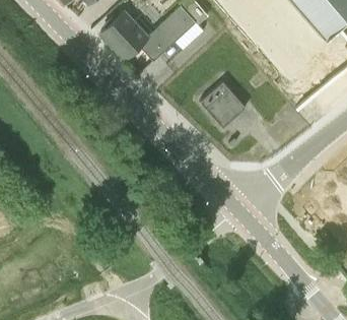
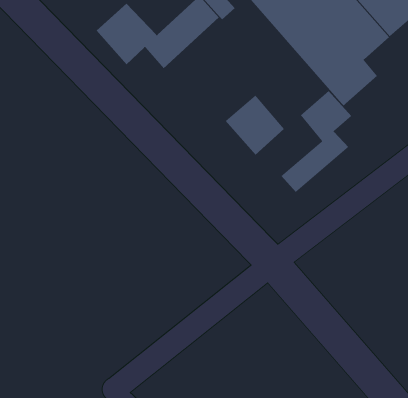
building: none -> [280,90,352,193]

